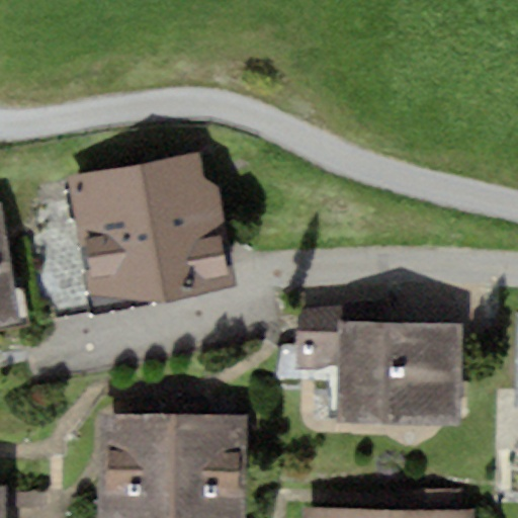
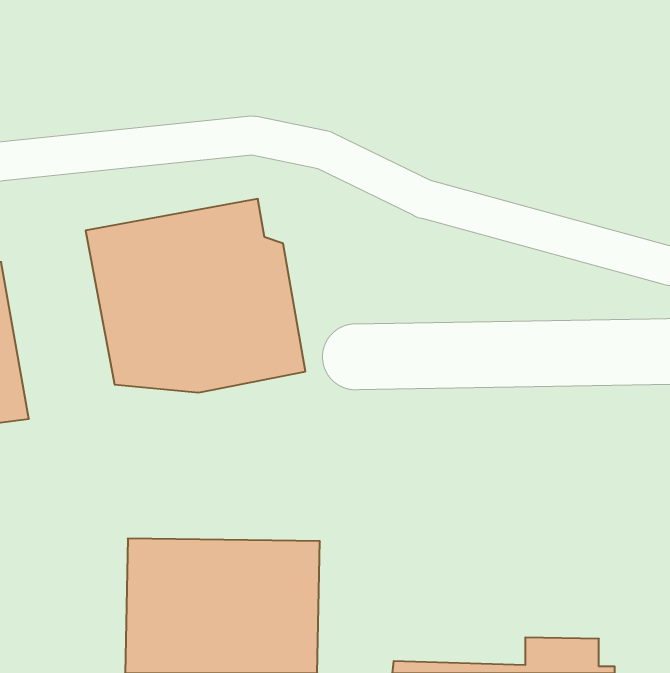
building: [296,309,461,424] -> none

